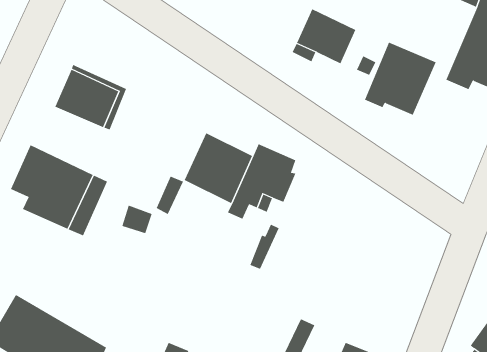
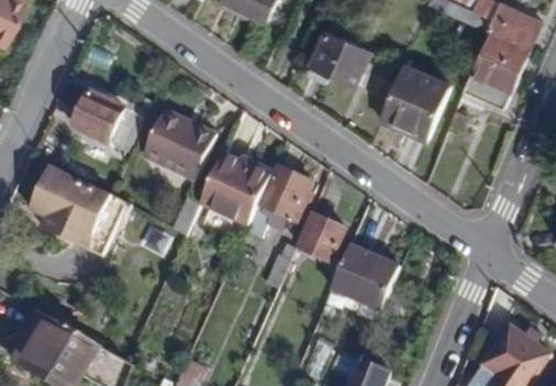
building: none -> [144,114,218,178]
building: none -> [300,214,345,260]
building: none -> [332,245,400,309]

